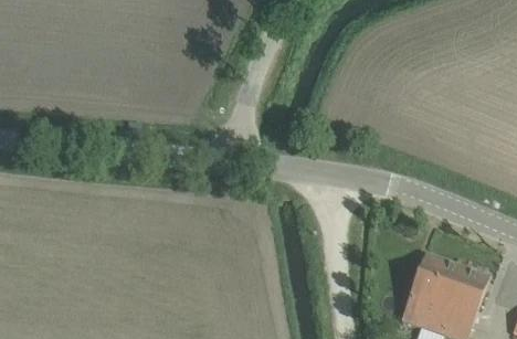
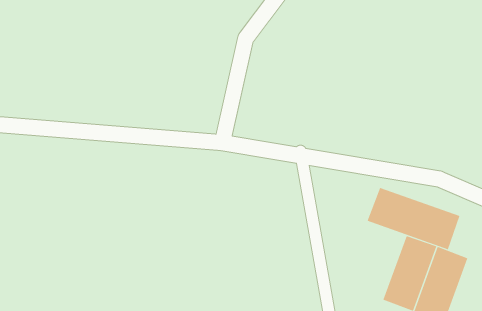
building: none -> [367,187,460,250]

